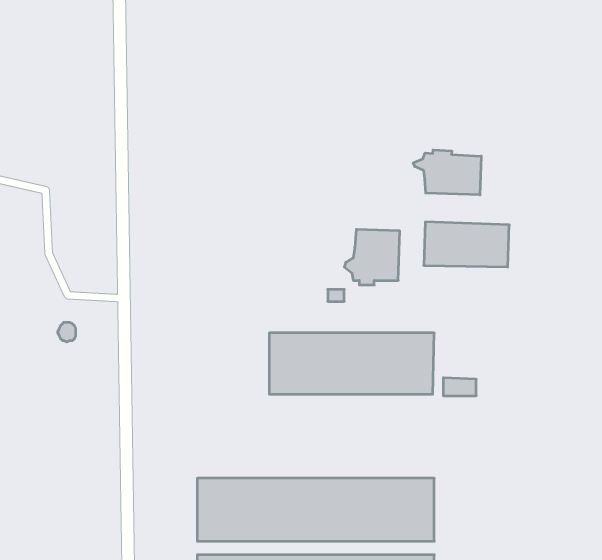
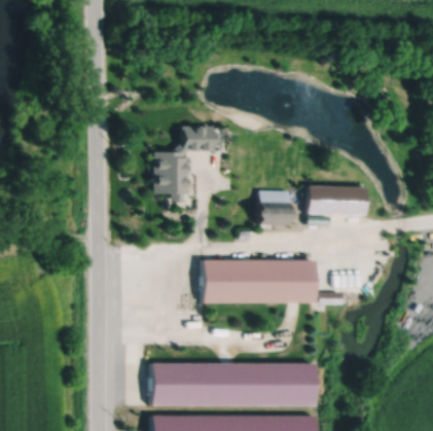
building: none -> [157,128,215,204]
building: [413,150,481,195] -> none

